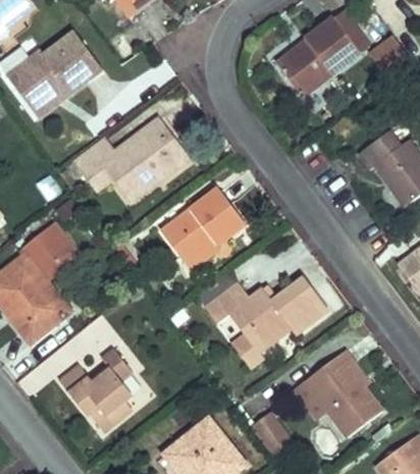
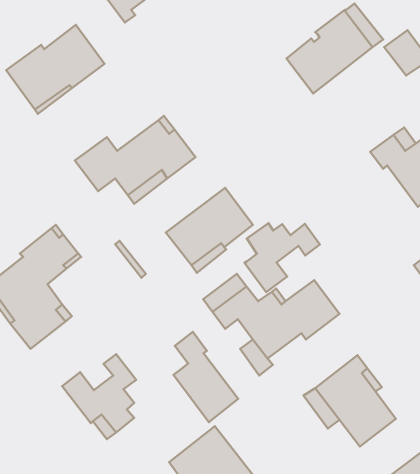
building: none -> [244,223,320,292]
building: none -> [173,332,238,422]
building: [252,412,292,455] -> none

